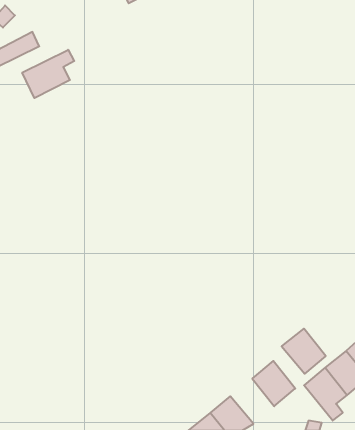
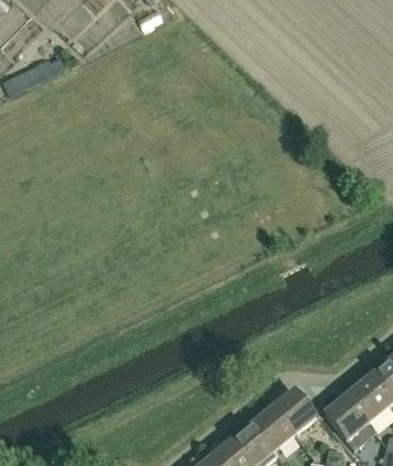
building: [22,50,74,98] -> none
building: [282,329,326,374] -> [249,406,293,452]

